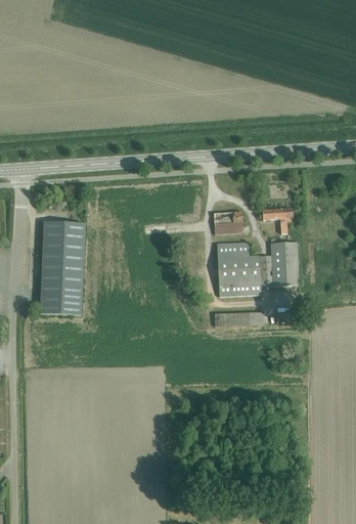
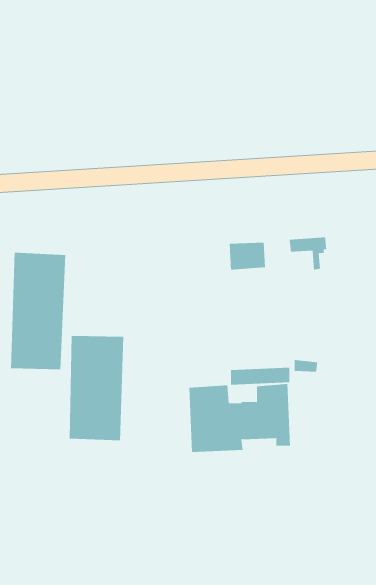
building: [217,241,299,296] -> [188,384,291,453]
building: none -> [69,335,124,441]

